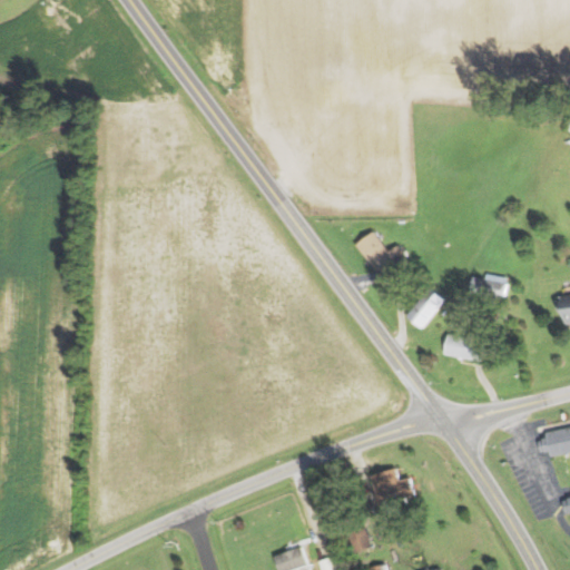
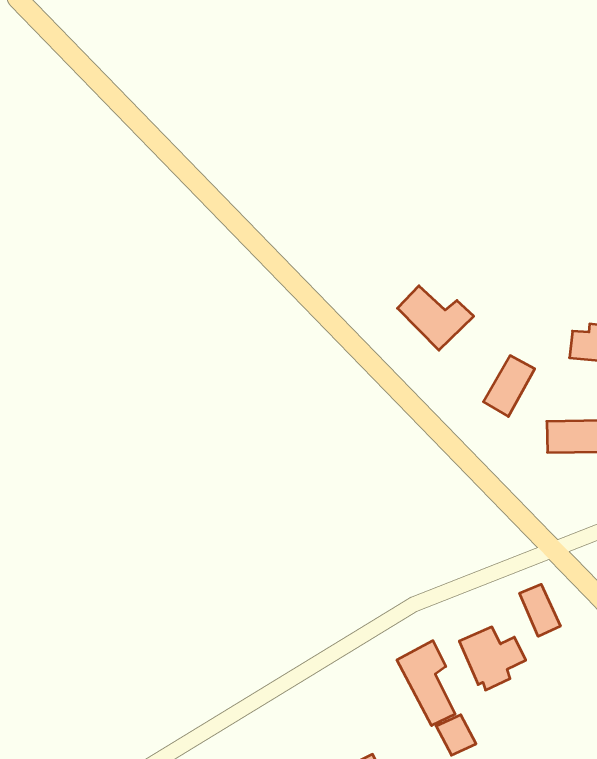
building: none -> [520,584,560,636]
building: none -> [397,641,455,726]

